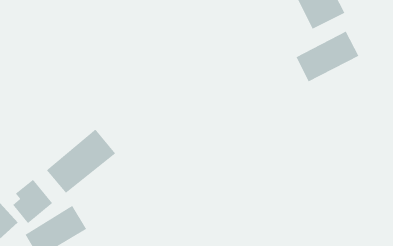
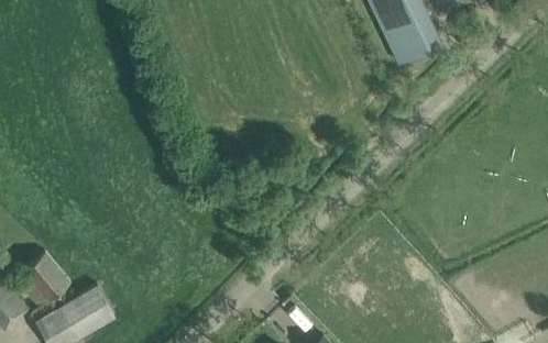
building: [296,31,360,82] -> none
building: [46,128,116,194] -> none

